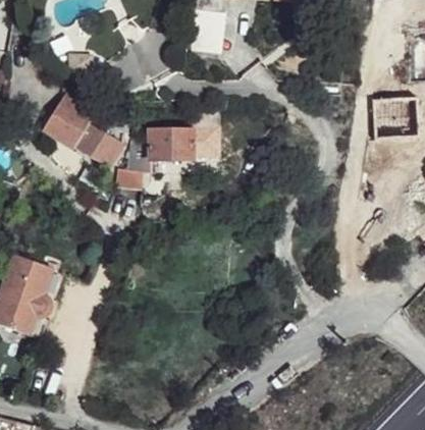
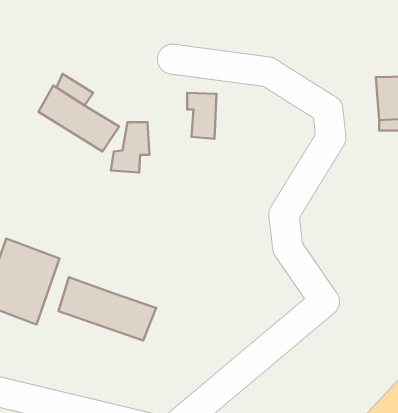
building: [149,125,194,159] -> none
building: none -> [58,277,156,340]

